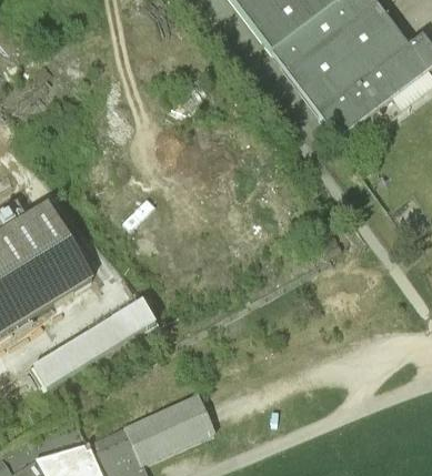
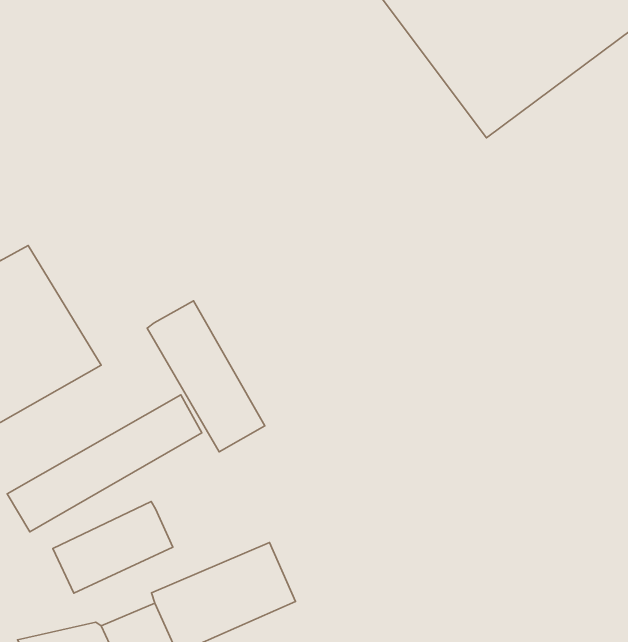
building: none -> [147,301,265,452]
building: none -> [53,501,173,593]

